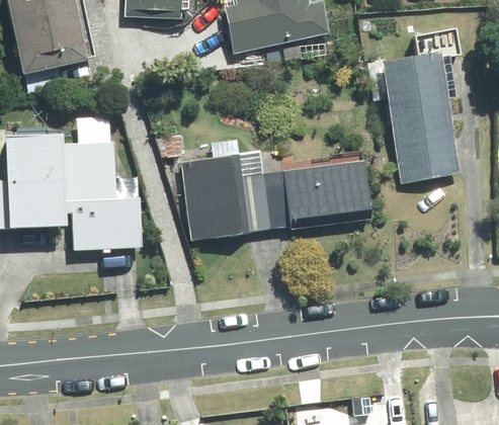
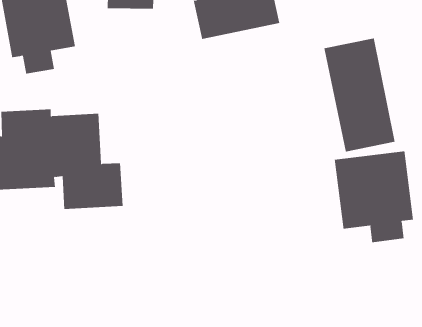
building: [184,139,372,240] -> none
building: none -> [334,150,414,243]

